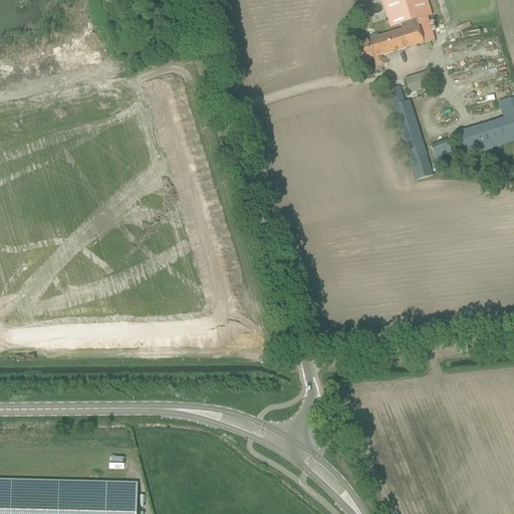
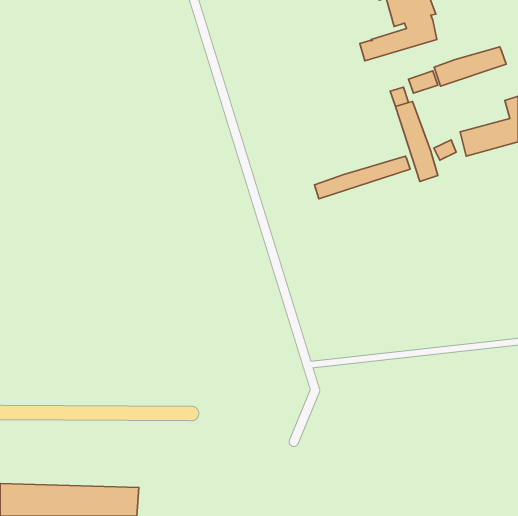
building: none -> [434,47,506,86]
building: none -> [314,156,410,199]

